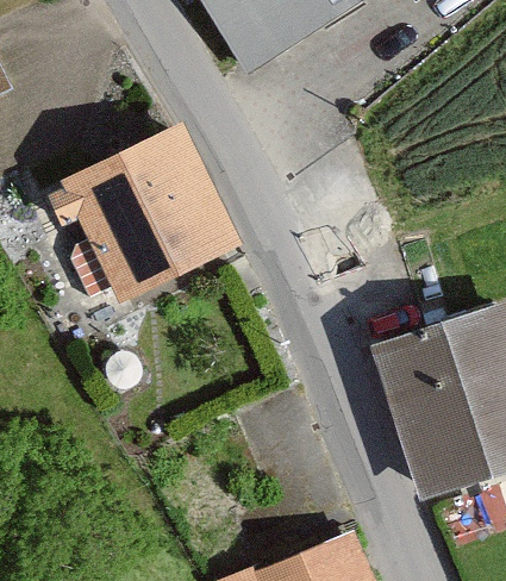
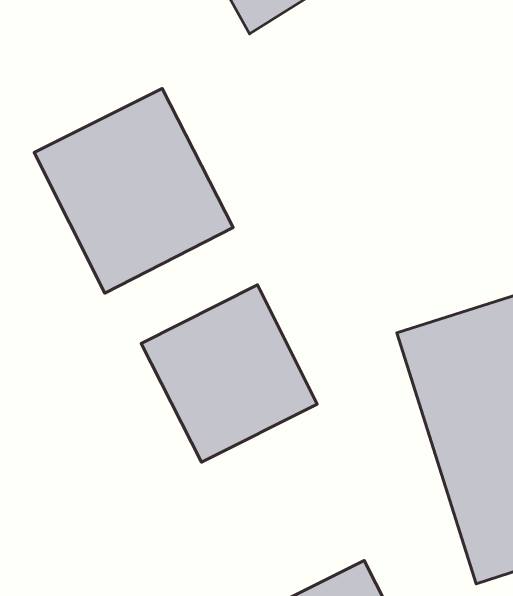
building: none -> [141,285,317,462]

